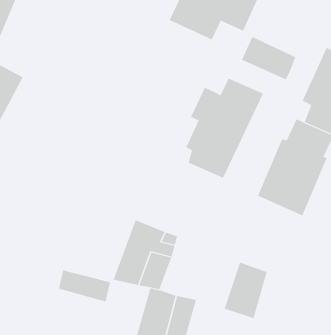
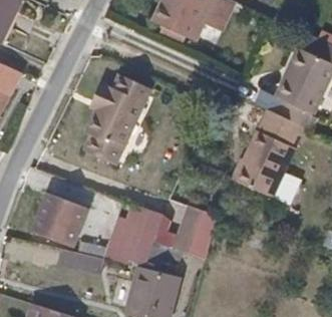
building: [241,36,296,80] -> none
building: [186,78,264,179] -> [79,75,149,166]
building: none -> [34,191,91,247]
building: [224,262,267,319] -> [179,209,218,260]

